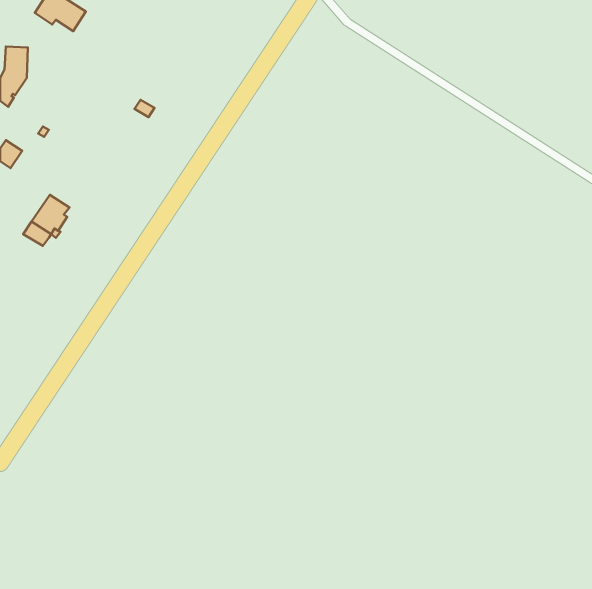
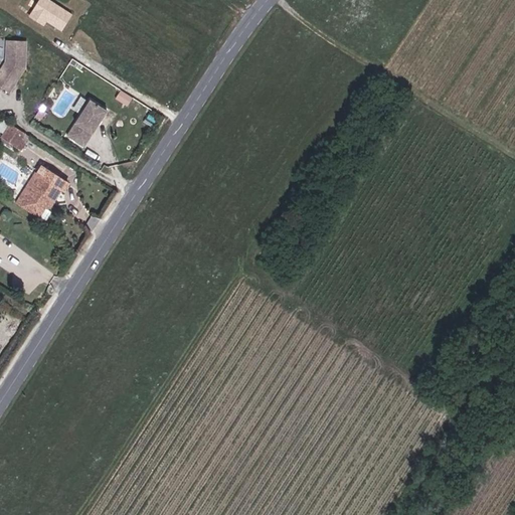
building: none -> [65,101,105,147]

